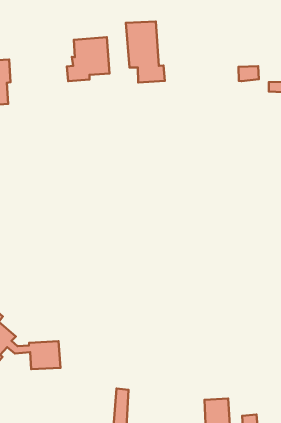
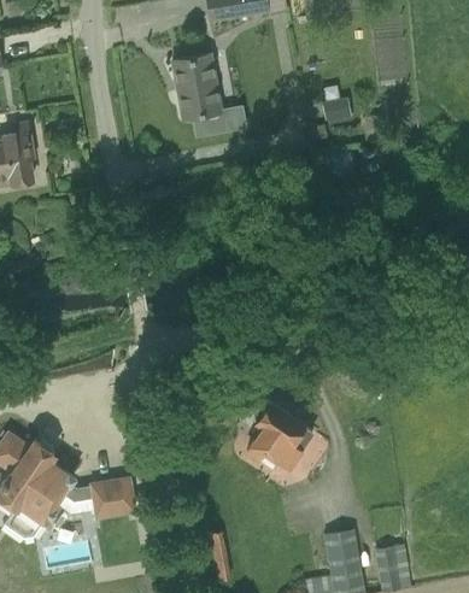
building: [67,37,109,81] -> none
building: none -> [247,401,313,466]

